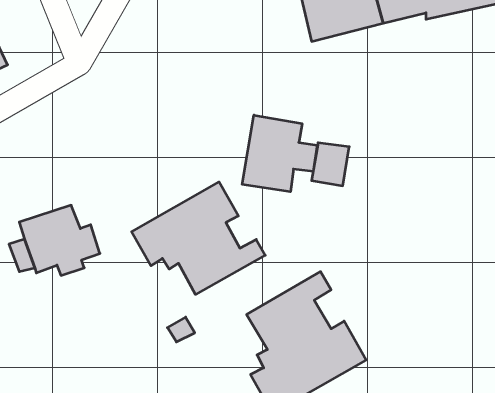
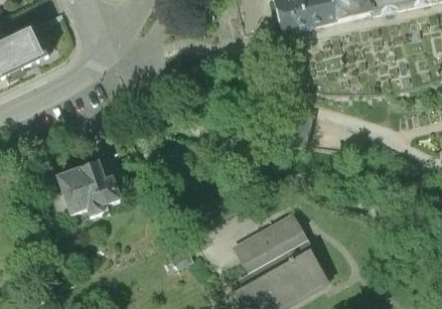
building: [242,115,317,192] -> none
building: [132,182,265,294] -> none

